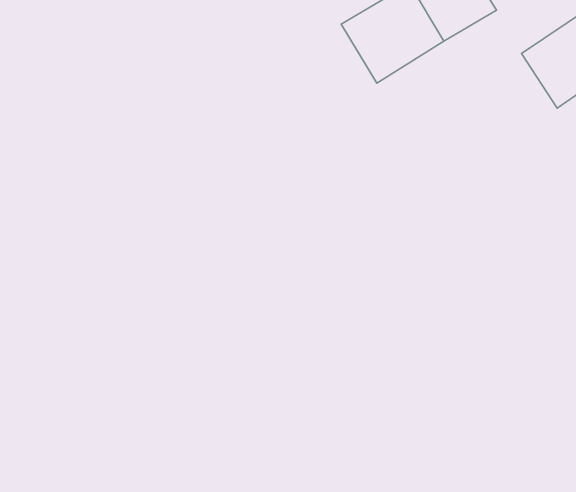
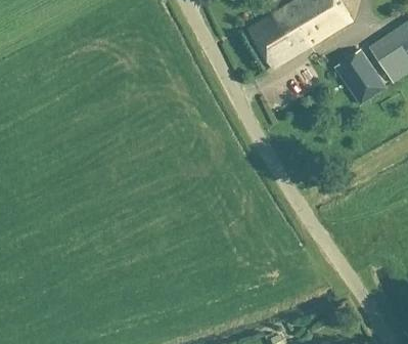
building: none -> [334,50,386,105]

